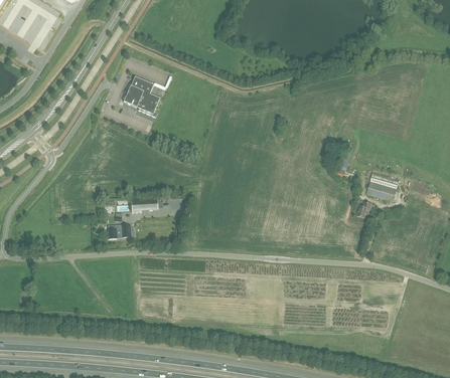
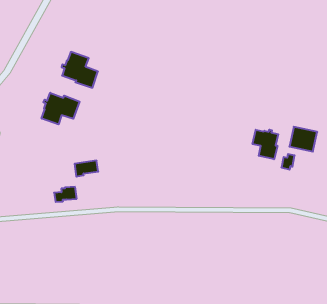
building: none -> [42,93,80,124]
building: none -> [253,130,278,159]

